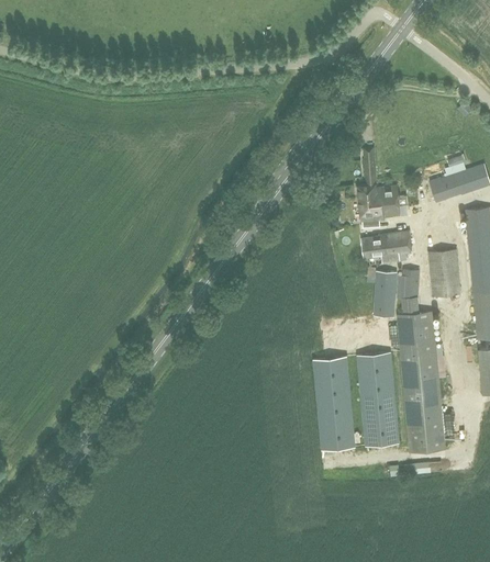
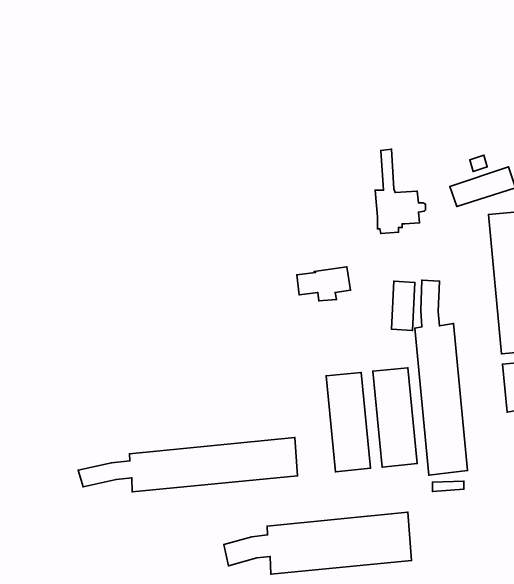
building: [361,231,412,262] -> [297,267,350,301]
building: [428,250,459,296] -> none
building: none -> [78,438,297,492]
building: none -> [224,512,412,574]

